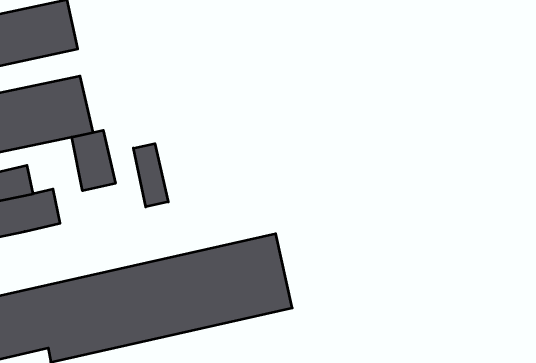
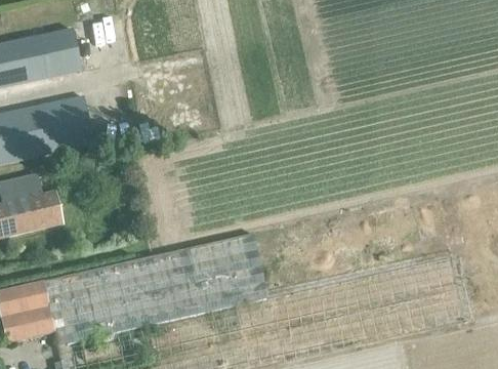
building: [72,130,115,191] -> none
building: [133,144,168,207] -> none

